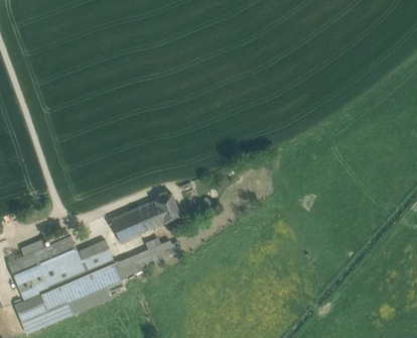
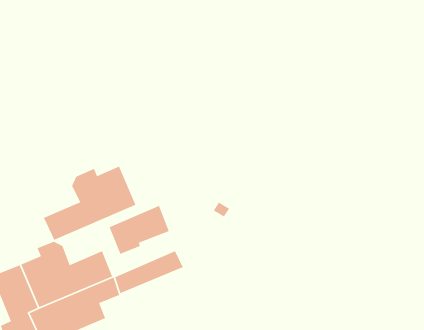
building: none -> [43,165,137,241]
building: [153,194,179,224] -> none

